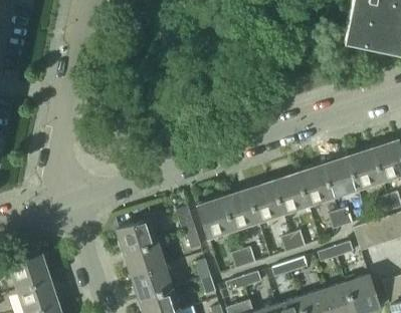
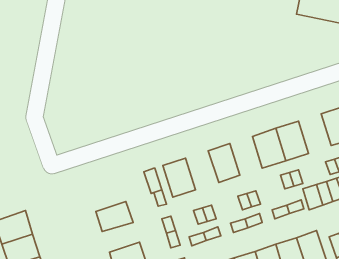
building: [349,146,385,191] -> none
building: [272,172,309,215] -> none
building: [223,188,260,231] -> none
building: [116,220,157,255] -> none
building: [131,267,172,300] -> none

